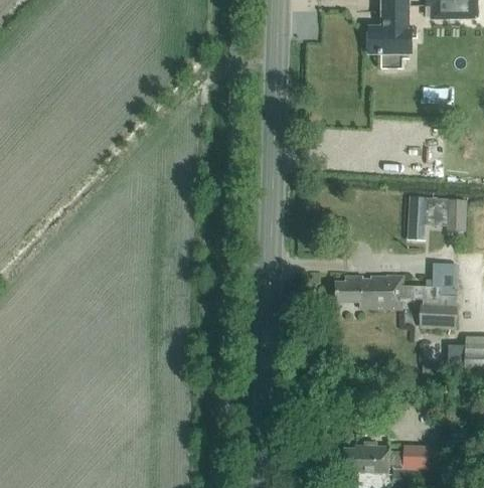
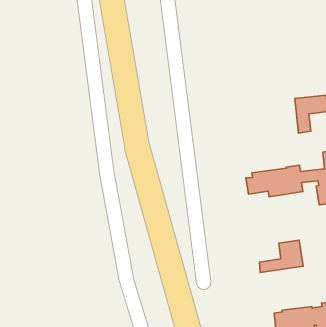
building: none -> [260,240,303,272]

